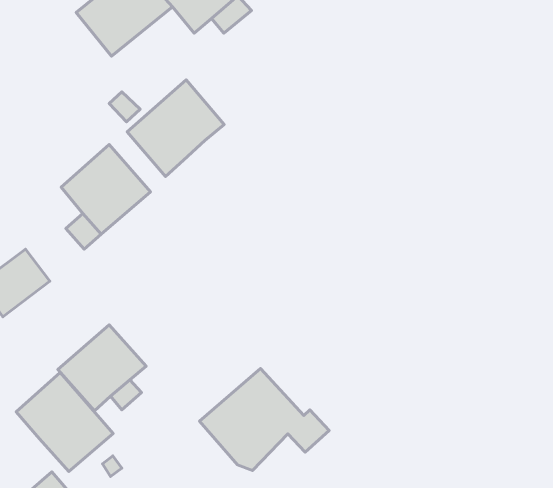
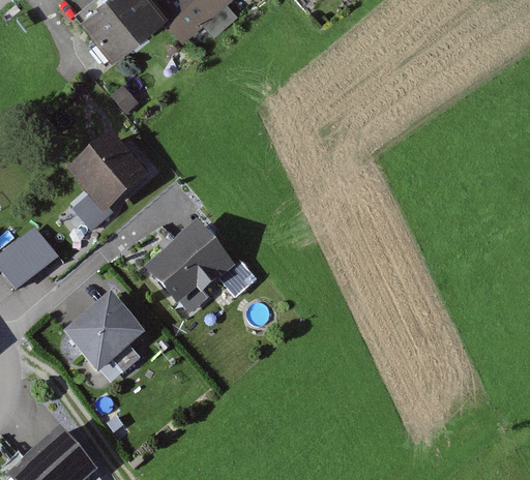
building: [127,80,224,176] -> none
building: [200,369,329,471] -> [142,221,259,313]
building: [16,372,113,472] -> none

